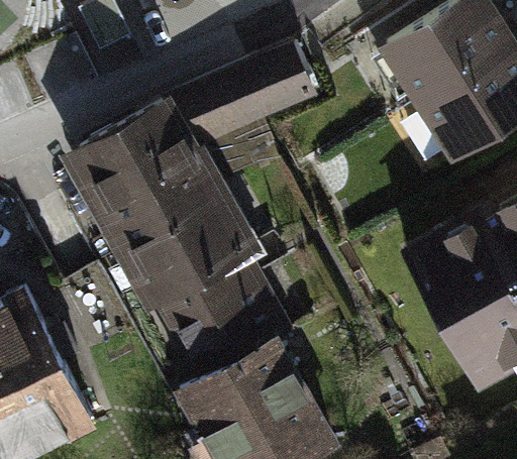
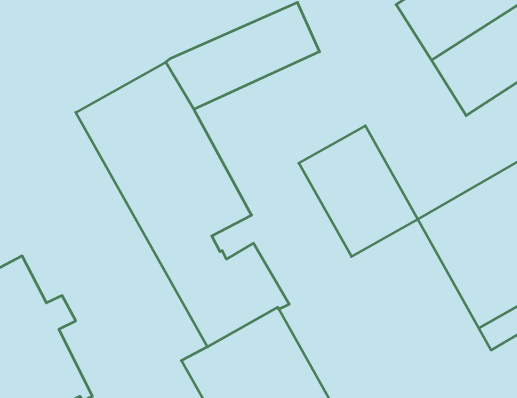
building: none -> [299,126,418,257]

